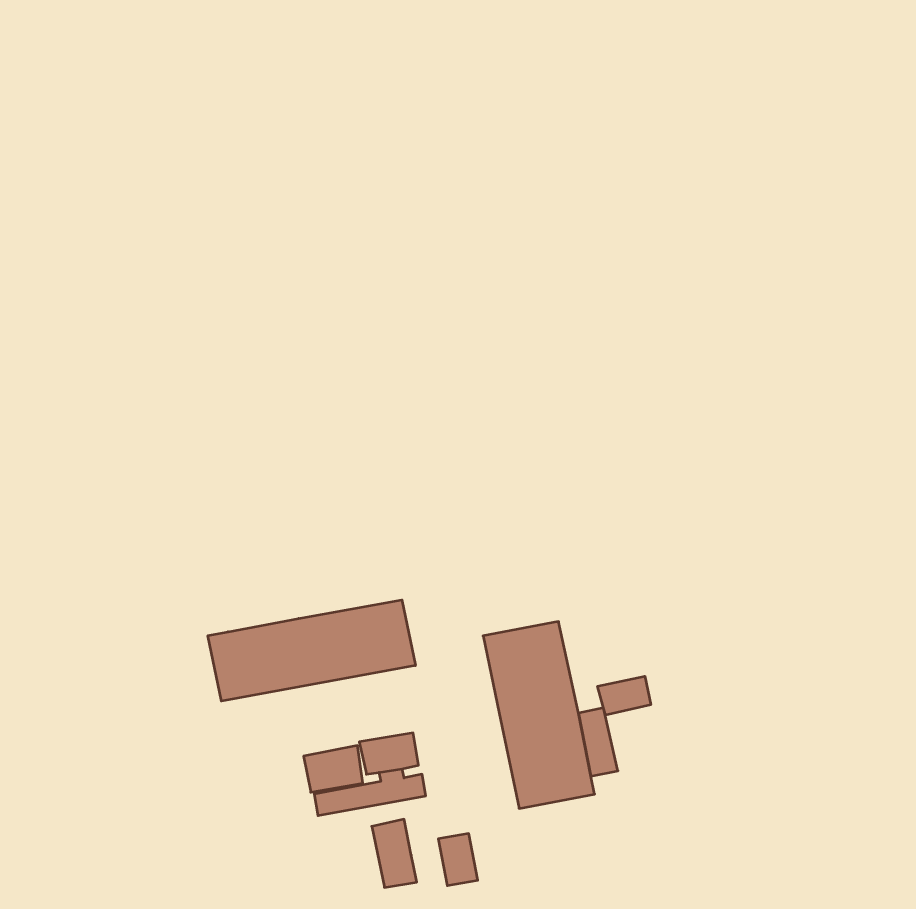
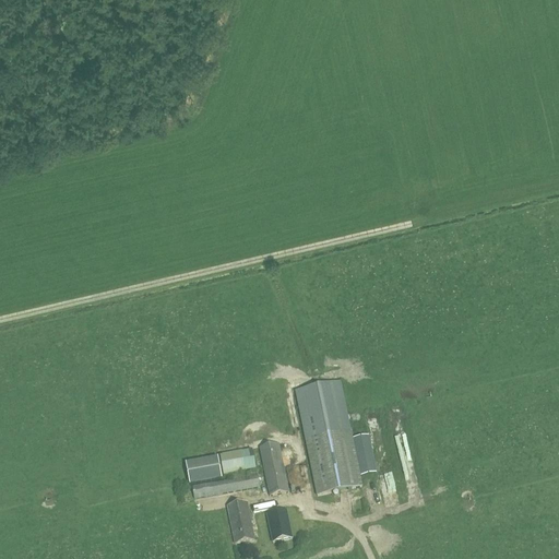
building: [208,600,415,701] -> none
building: [598,676,651,715] -> none
building: none -> [258,439,288,492]

